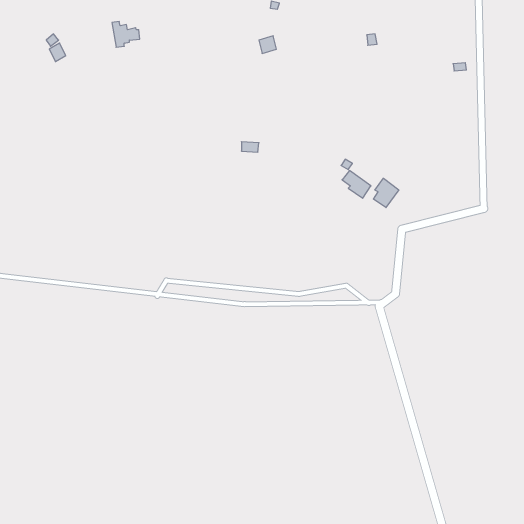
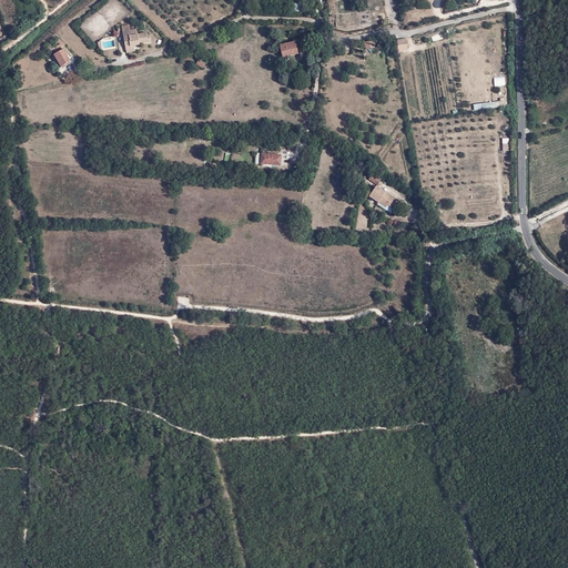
building: [373,178,399,208] -> none

